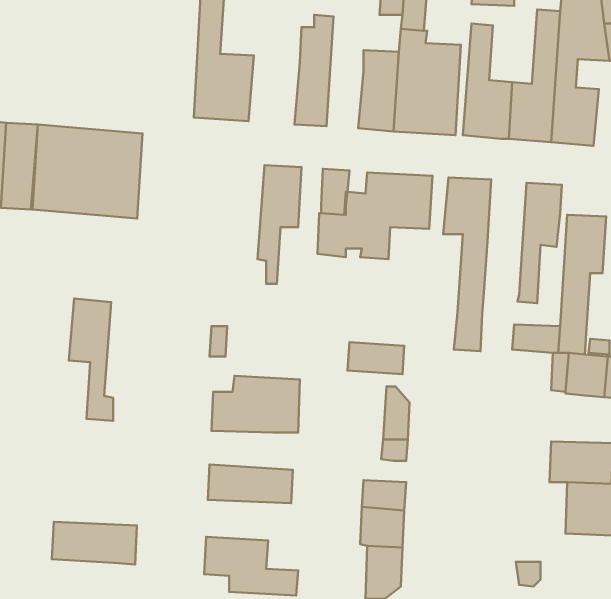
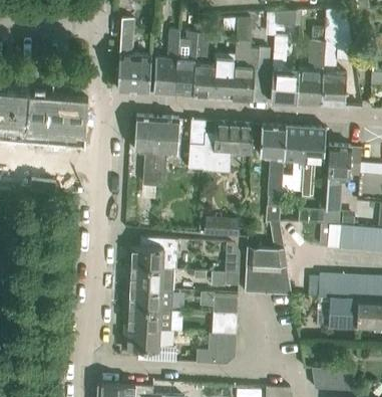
building: none -> [152,31,179,94]
building: none -> [193,33,214,96]
building: none -> [282,126,306,191]
building: [69,299,113,421] -> [133,116,158,185]
building: none -> [244,246,292,295]
building: none -> [126,268,174,290]
building: [52,522,137,564] -> [124,308,172,332]

